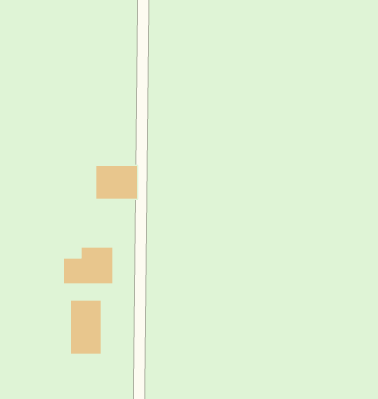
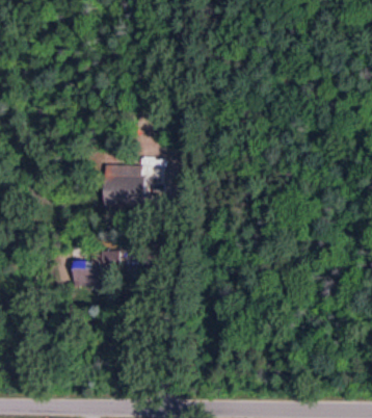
building: [70,300,101,354] -> none

